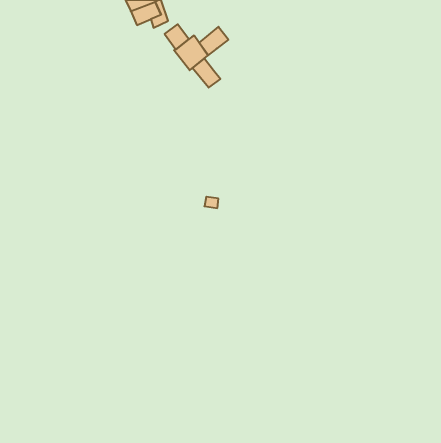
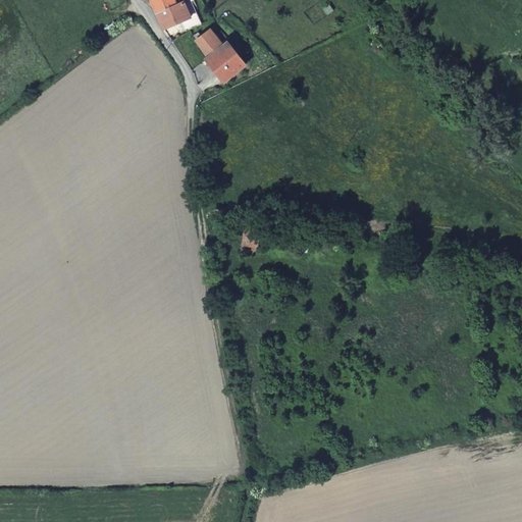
building: [199,27,228,55] -> none
building: [192,59,220,88] -> none

